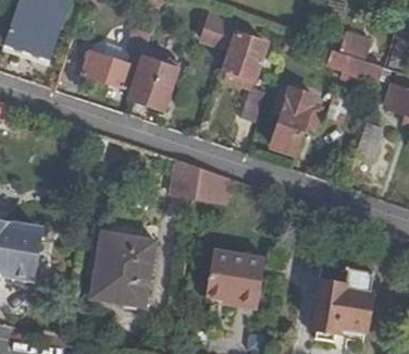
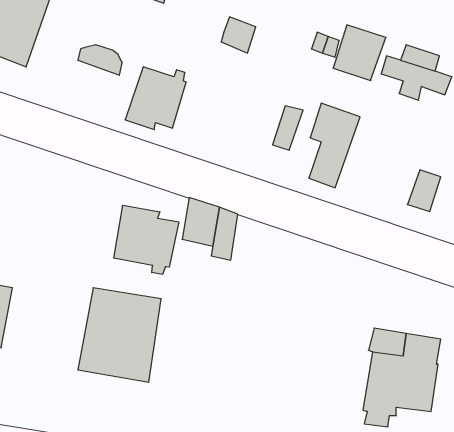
building: [224,36,265,80] -> [333,25,386,81]
building: [83,52,133,89] -> none
building: none -> [114,205,179,274]
building: [207,249,267,307] -> none

